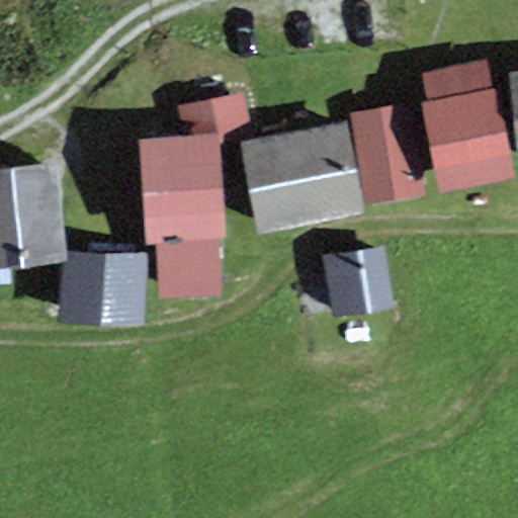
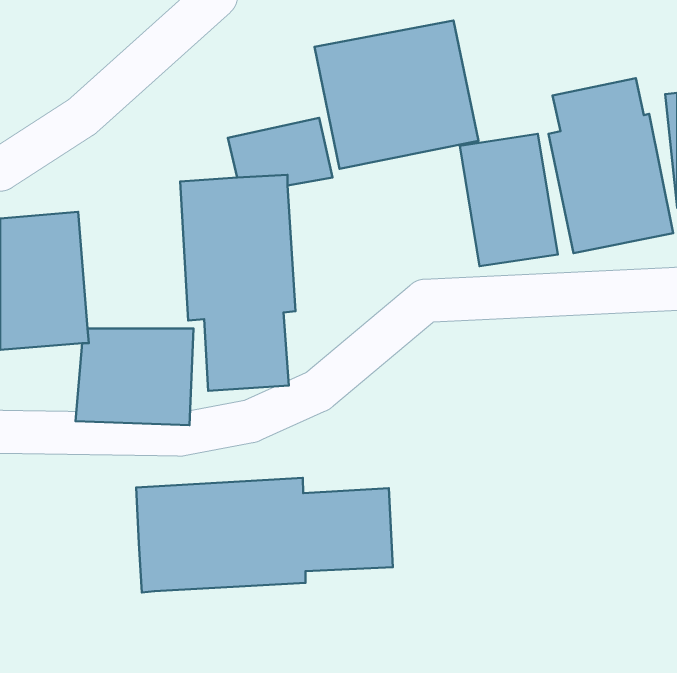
building: [239,121,364,235] -> [314,20,479,169]
building: [323,244,395,316] -> none
building: none -> [136,478,393,592]

